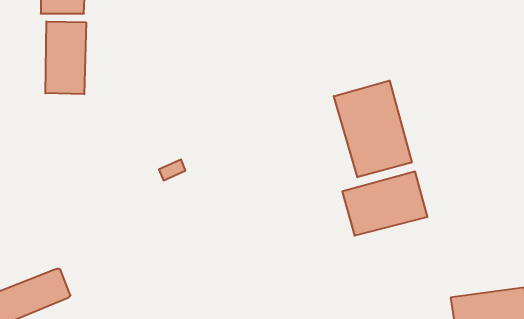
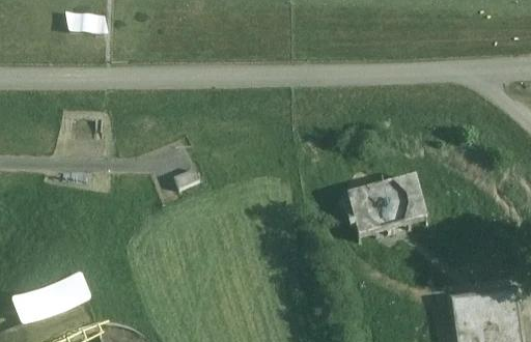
building: [45,21,86,94] -> none
building: [334,81,412,177] -> none

